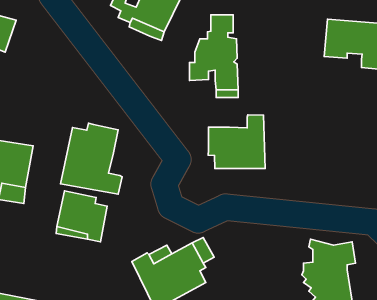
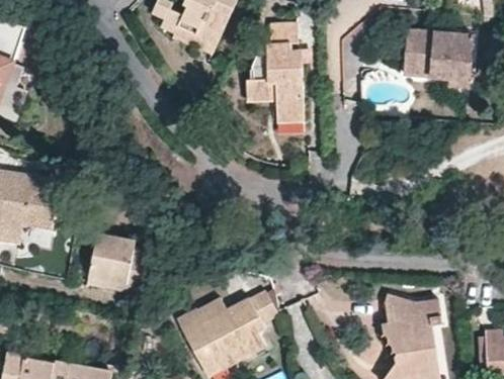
building: [208,115,265,169] -> none
building: [61,123,122,194] -> none

